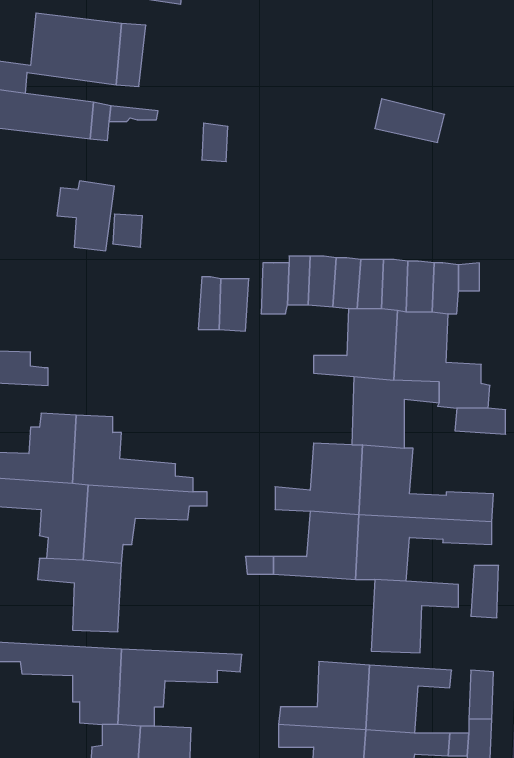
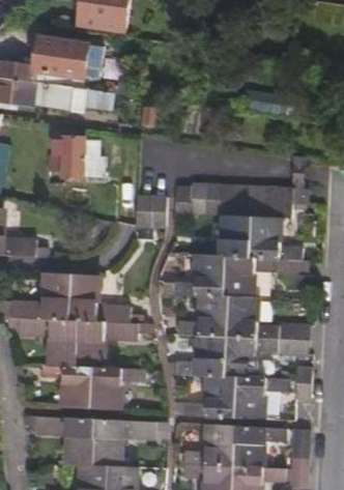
building: none -> [176,251,228,293]
building: none -> [88,364,141,406]
building: none -> [189,372,240,415]

